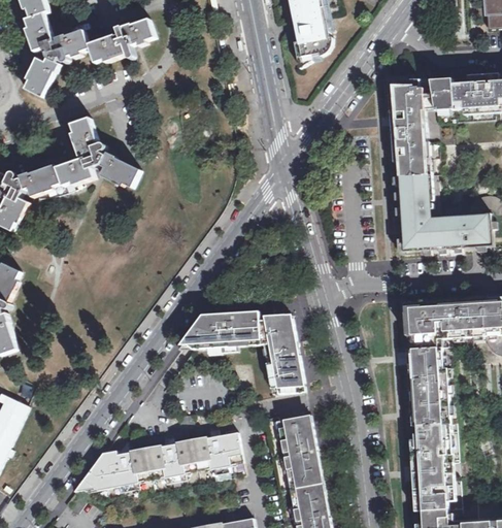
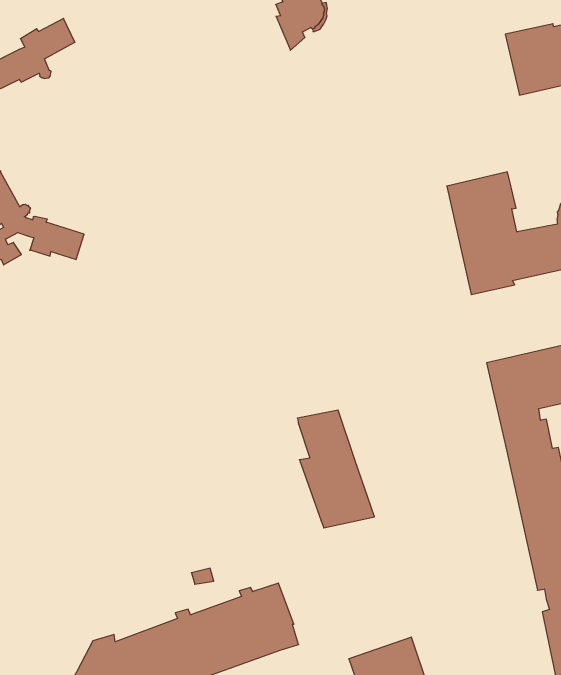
building: [390,78,456,176] -> none
building: [185,311,272,349] -> none
building: [264,414,323,491] -> none

